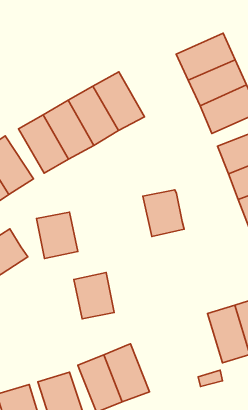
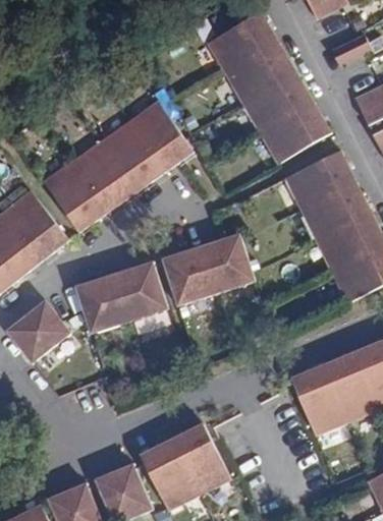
building: none -> [207,12,278,73]
building: none -> [164,246,216,304]
building: [74,272,114,319] -> [115,262,167,320]

